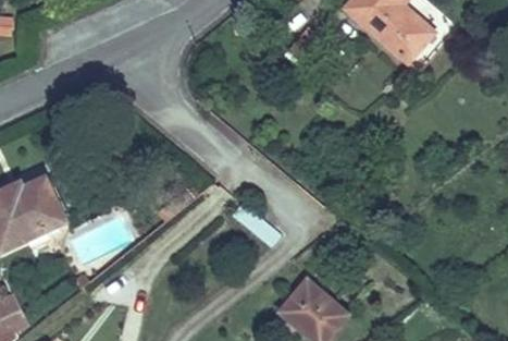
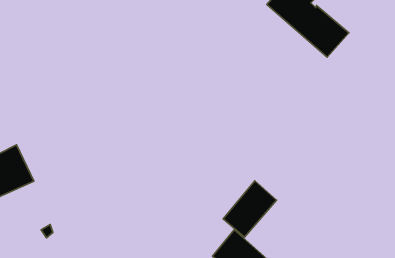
building: none -> [223,181,276,237]

